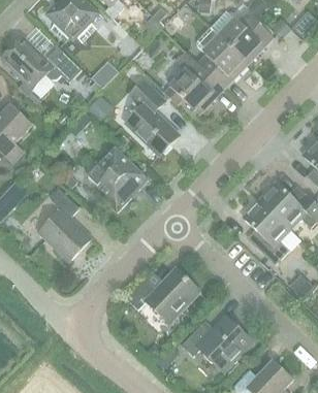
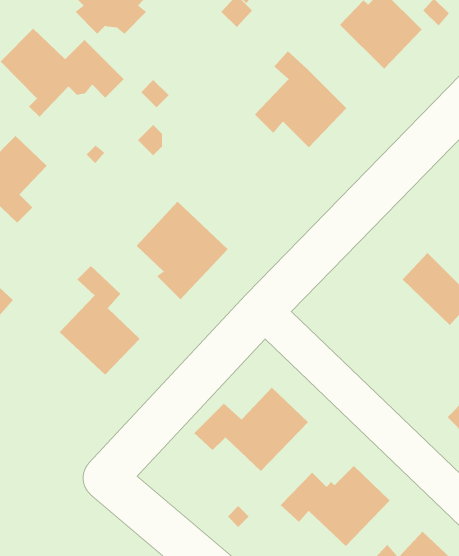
building: [197,26,248,88] -> none
building: [125,79,179,155] -> none
building: [243,198,290,263] -> none

